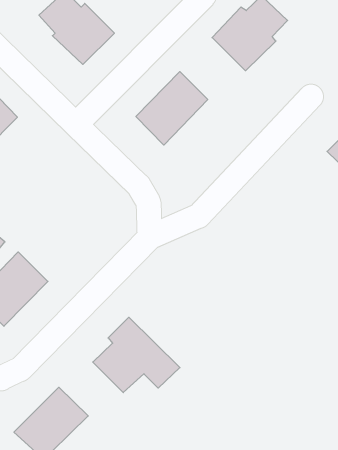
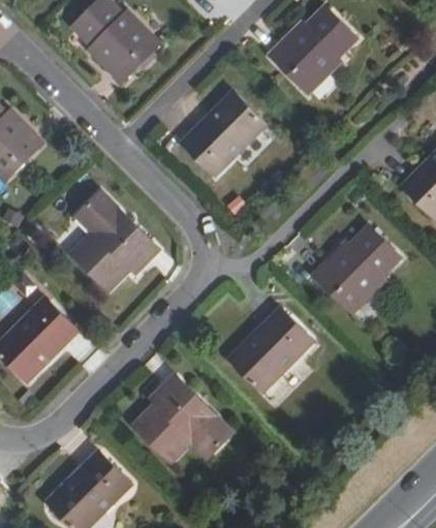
building: none -> [76,193,161,290]
building: none -> [312,228,397,312]
building: none -> [229,306,314,390]

